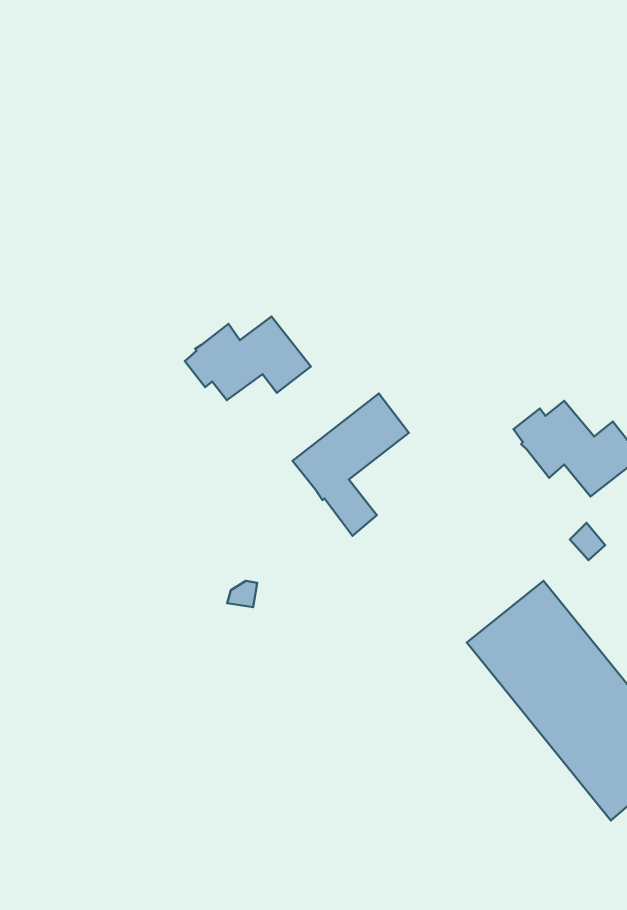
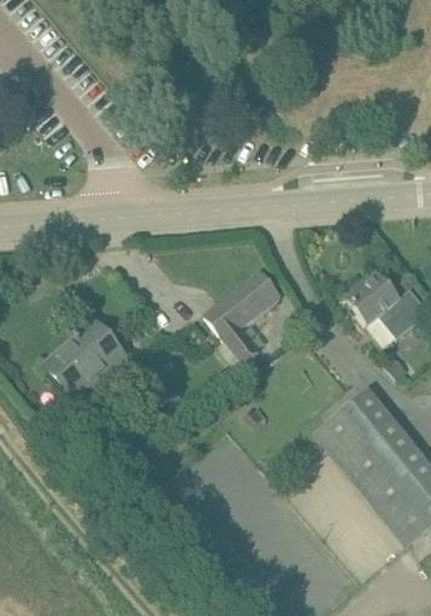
building: [185,317,311,400] -> none
building: none -> [46,319,125,396]

